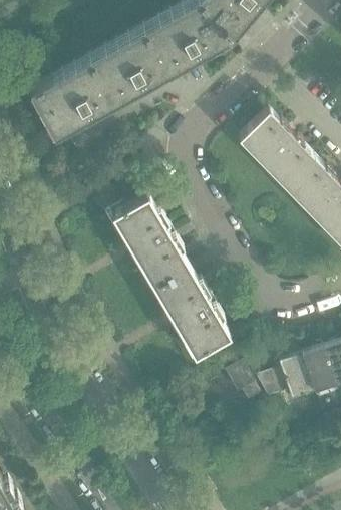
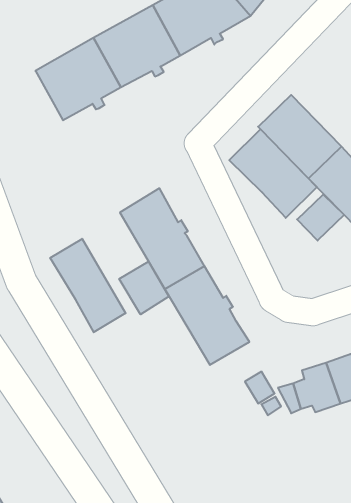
building: none -> [229,129,317,218]
building: none -> [297,194,344,241]
building: none -> [50,239,126,332]
building: none -> [119,261,169,314]

